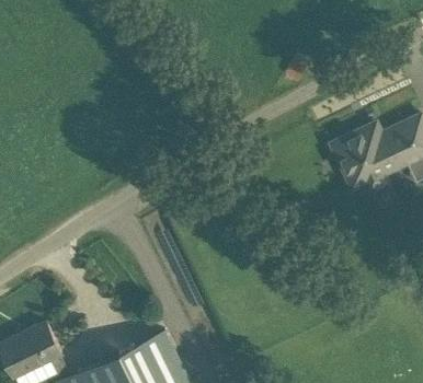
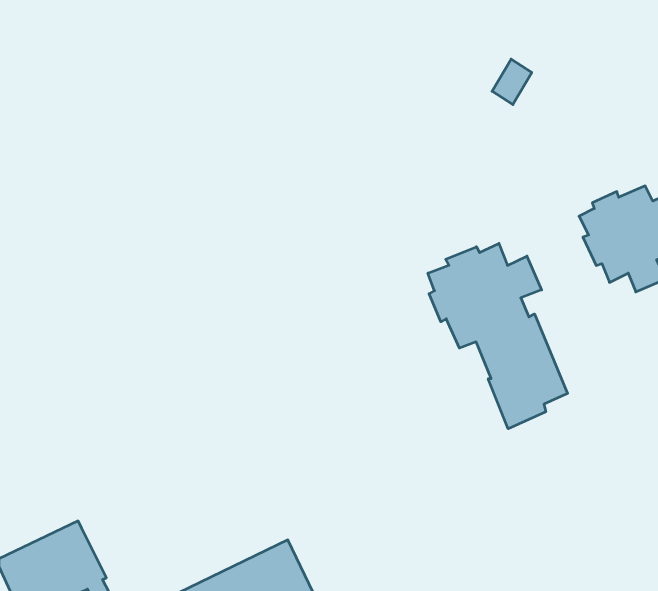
building: none -> [428,243,568,429]

